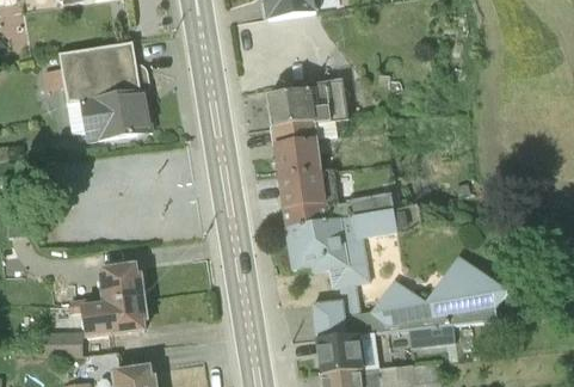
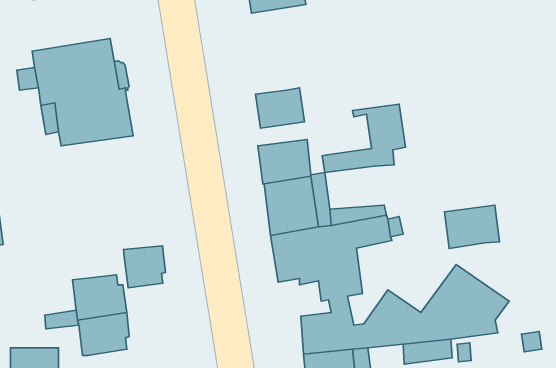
building: [269,78,347,142] -> [322,104,406,172]
building: none -> [444,205,500,249]
building: none -> [123,246,165,288]

